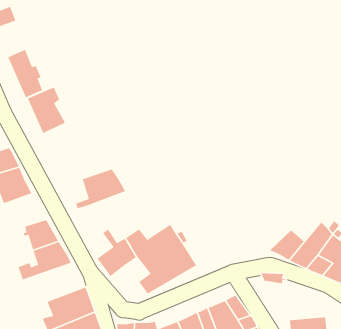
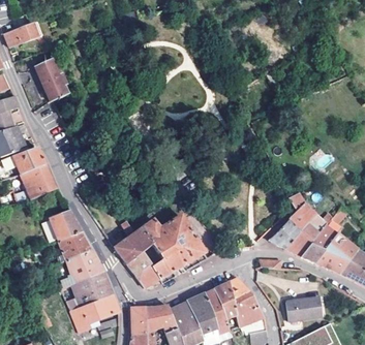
building: [27,86,66,134] -> none
building: [75,168,126,210] -> [59,251,104,288]
building: none -> [287,194,314,231]
building: none -> [126,253,159,288]

